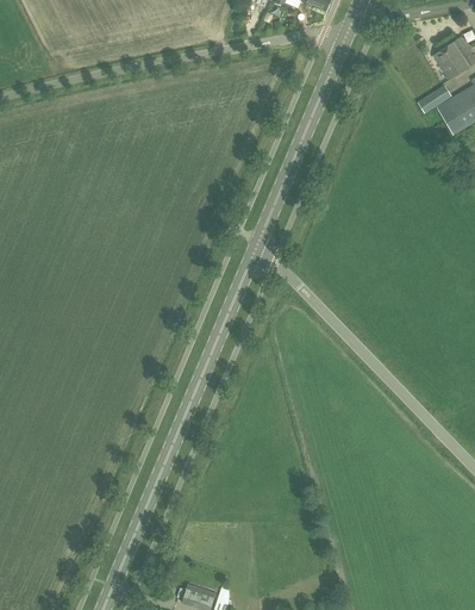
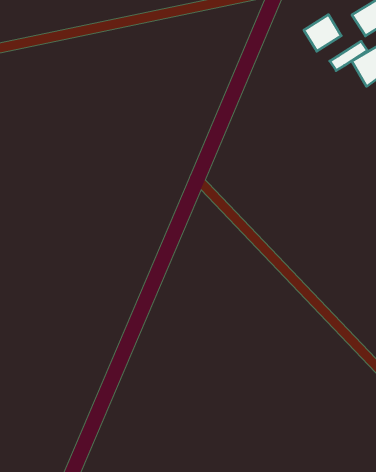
building: none -> [304,15,341,51]

